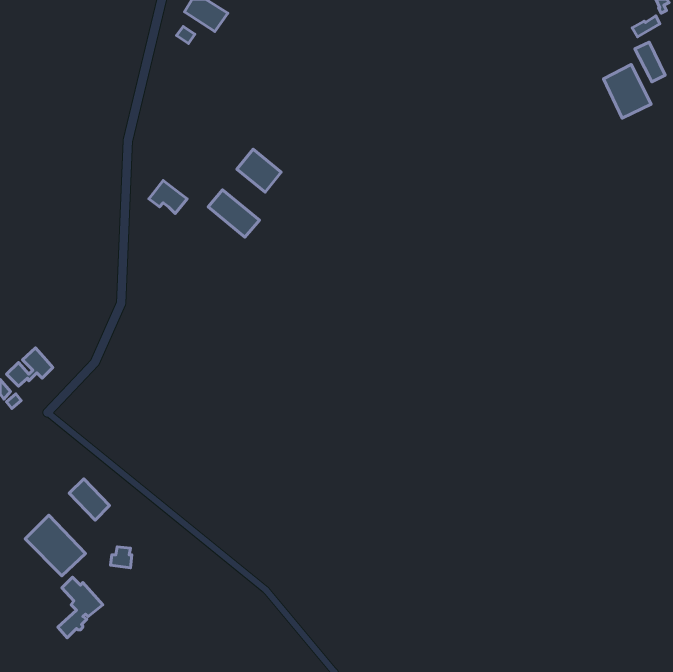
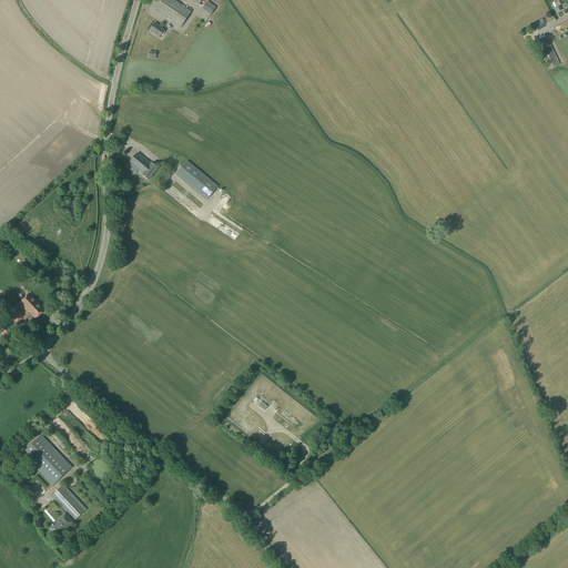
building: [604,65,651,118] -> none
building: [237,149,281,192] -> none
building: [69,479,110,520] -> none

